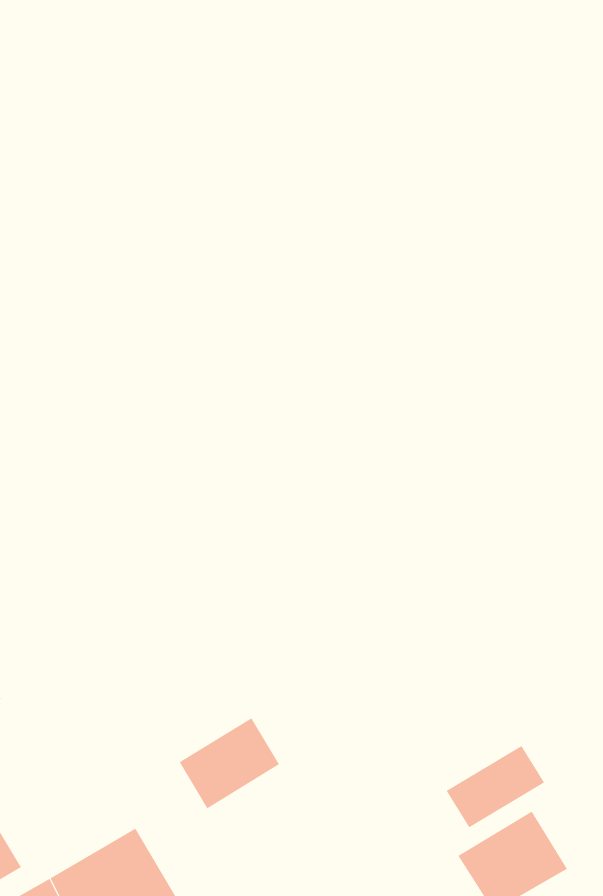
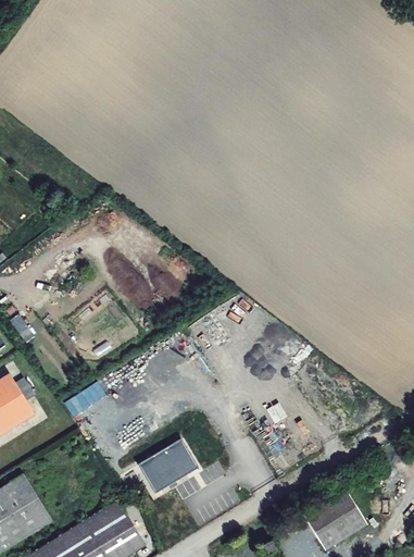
building: [446,745,545,828] -> none

